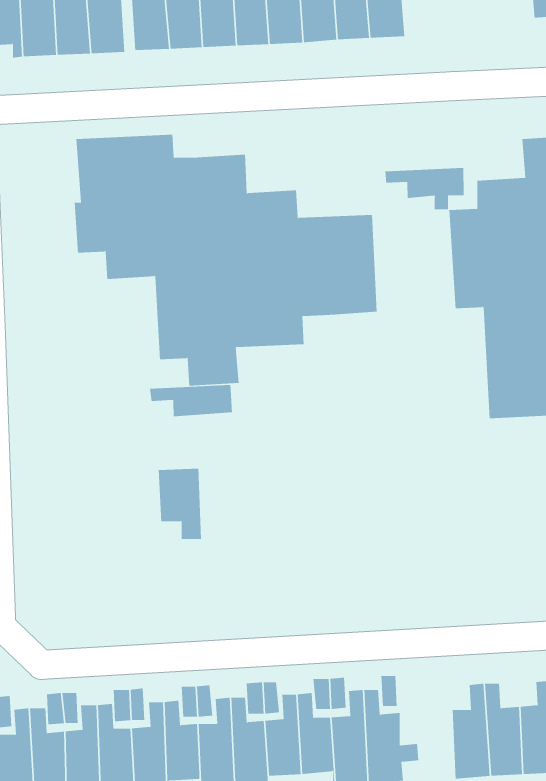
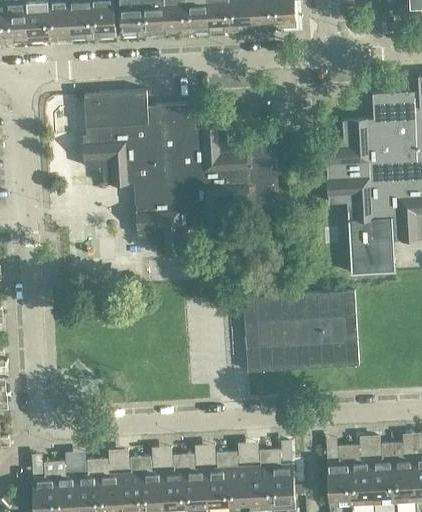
building: [385,167,464,210] -> none
building: [150,384,233,417] -> none
building: none -> [248,289,363,370]
building: [158,468,202,540] -> none

